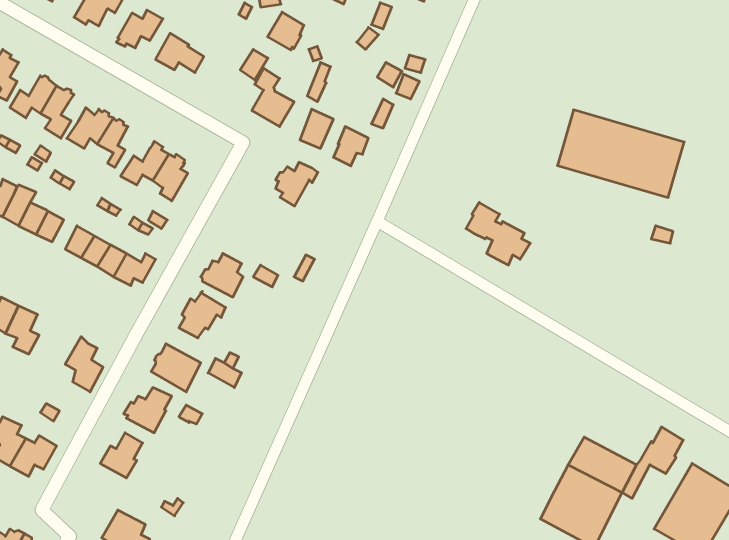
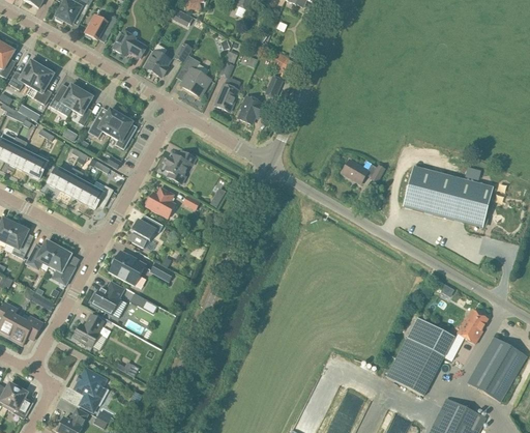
building: [268,12,304,50] -> [145,49,171,76]
building: [557,110,684,197] -> [404,167,494,229]
building: [276,162,318,206] -> [166,150,196,181]
building: none -> [26,239,60,267]

